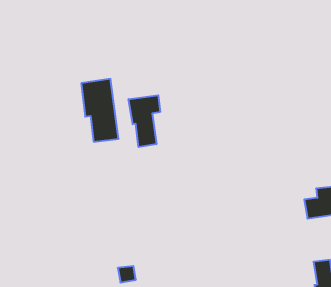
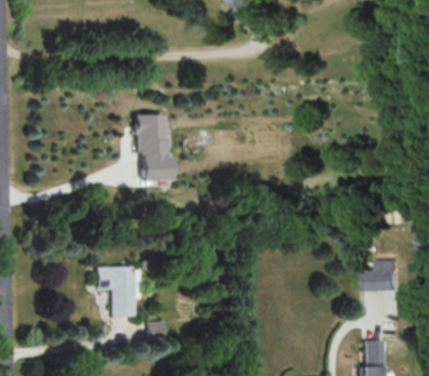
building: [129,95,160,147] -> none
building: none -> [97,266,137,317]

